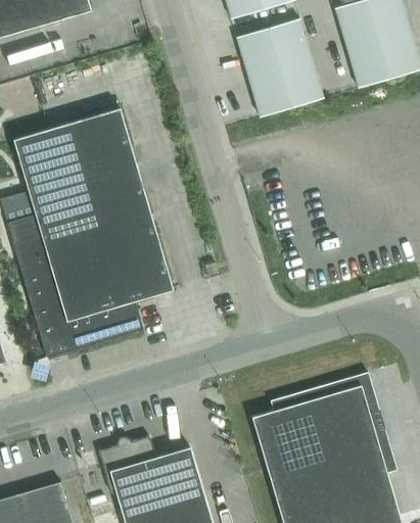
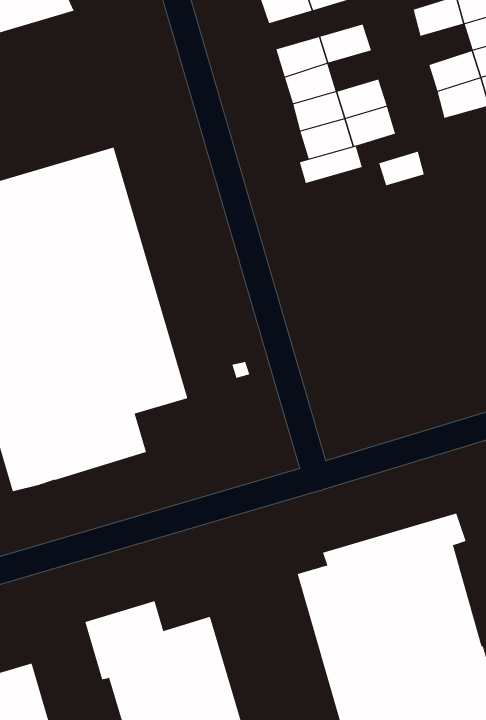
building: [340,18,378,48] -> none
building: [274,38,311,67] -> none
building: none -> [299,146,363,184]
building: none -> [378,151,425,186]

